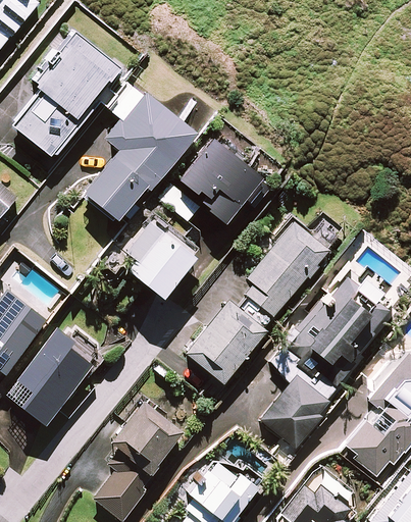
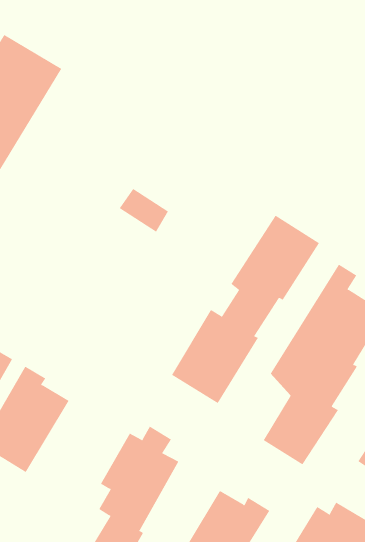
building: [85,80,197,219] -> none
building: [181,137,264,223] -> none
building: [119,220,195,296] -> none

